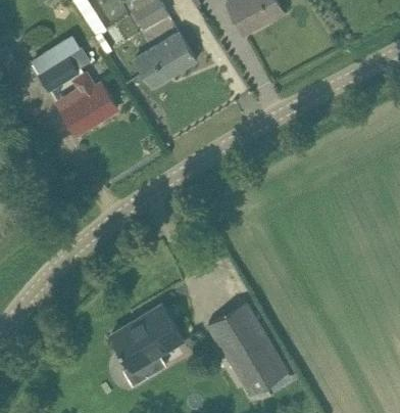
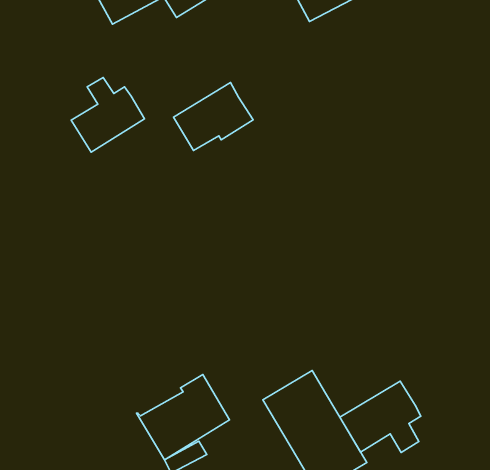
building: [136,33,197,85] -> [173,83,253,151]
building: [30,35,81,91] -> none
building: none -> [340,381,421,453]

